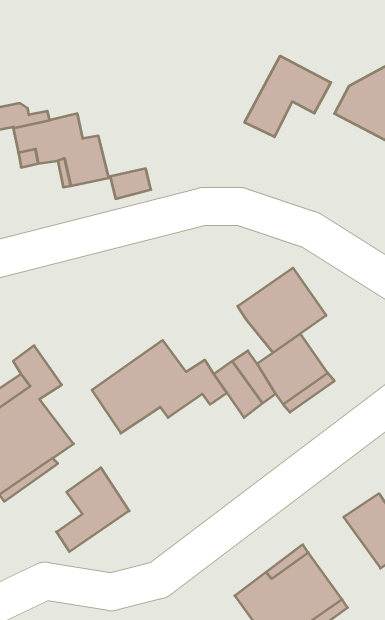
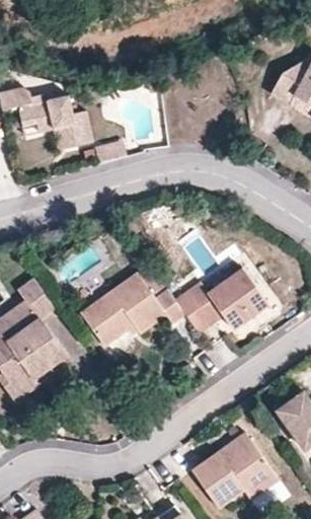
building: [245,56,331,137] -> none
building: [238,268,326,353] -> none
building: [56,468,129,552] -> none

